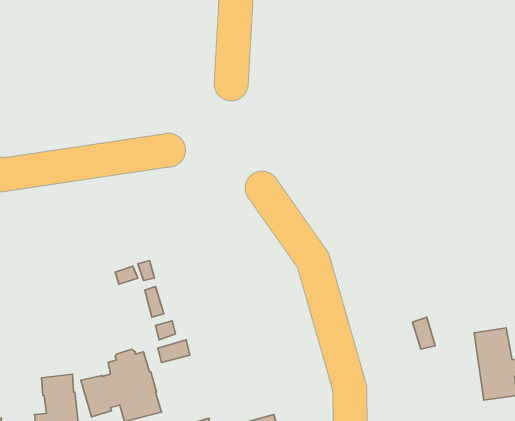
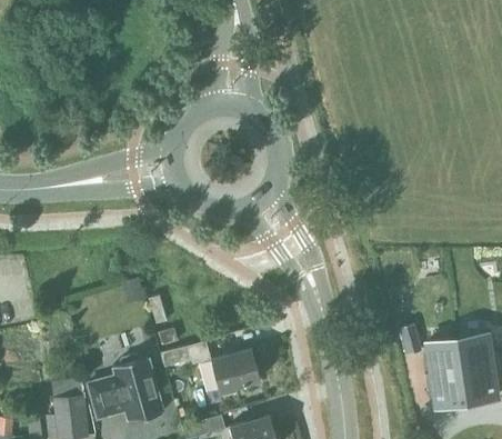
building: none -> [425,339,466,407]
building: none -> [211,347,260,390]

